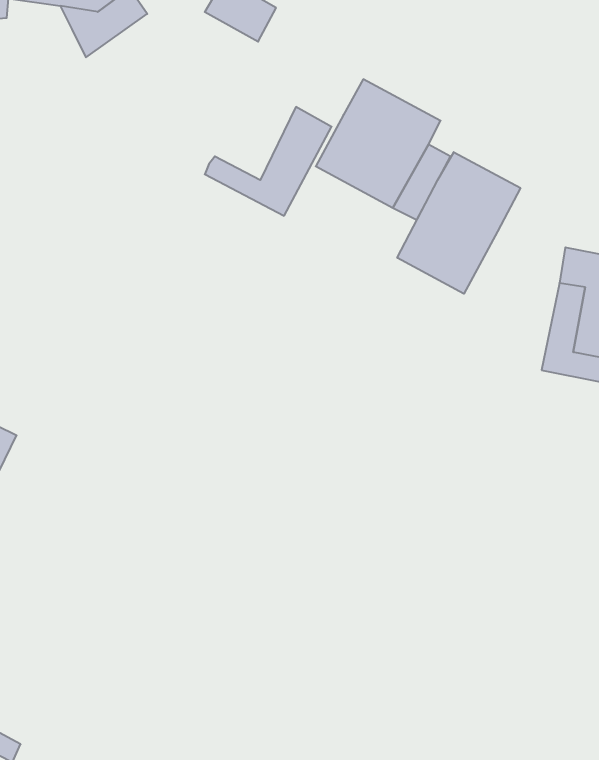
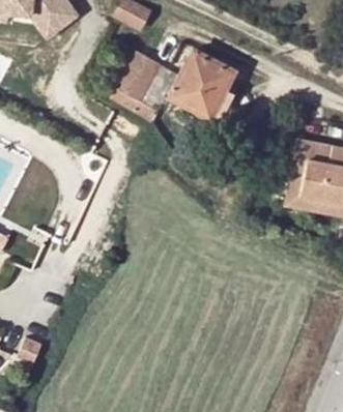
building: none -> [115,52,158,102]
building: [397,152,520,294] -> none

